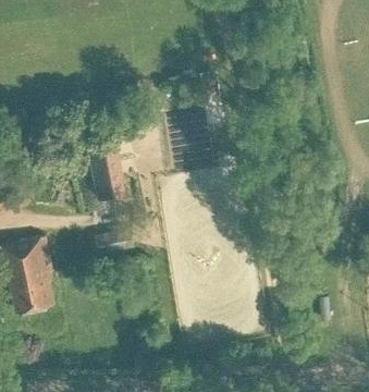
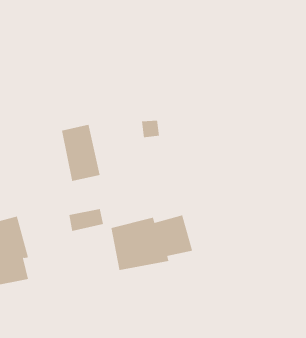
building: none -> [111,214,193,271]

